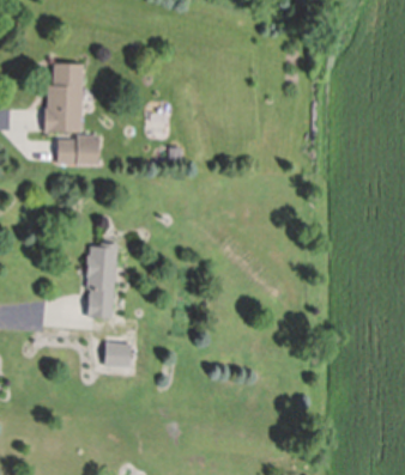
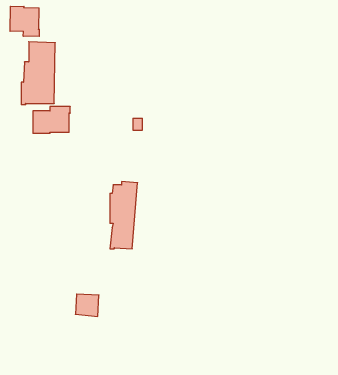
building: none -> [10,6,39,36]
building: [87,244,119,319] -> [110,182,138,249]

